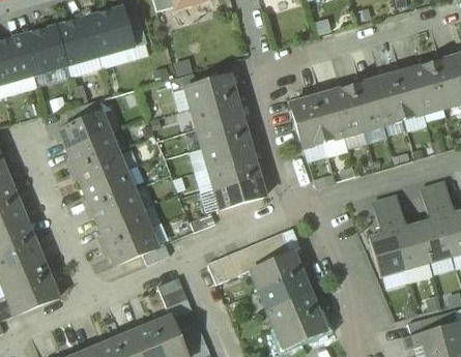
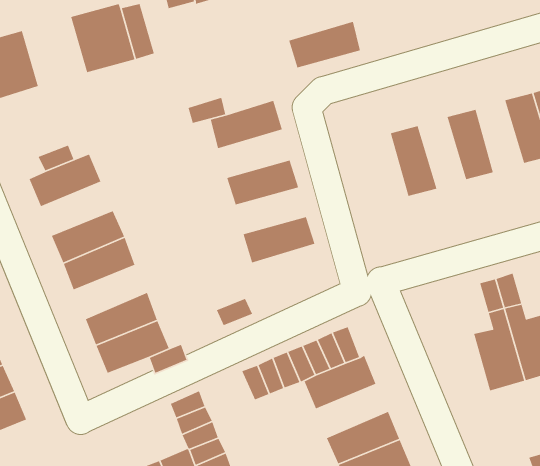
building: [55,16,99,64] -> none
building: [371,73,404,124] -> none
building: [330,85,364,136] -> none
building: [191,94,241,127] -> [288,21,361,69]
building: [290,96,323,147] -> none
building: [67,130,118,168] -> none
building: [203,135,253,167] -> none
building: [214,174,265,208] -> none
building: [90,188,142,226] -> none
building: [259,271,310,308] -> none

